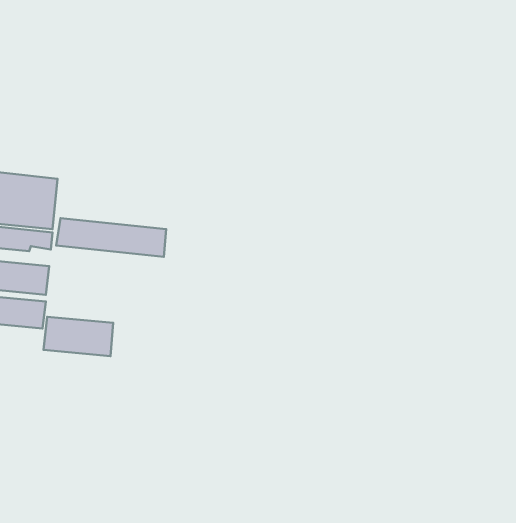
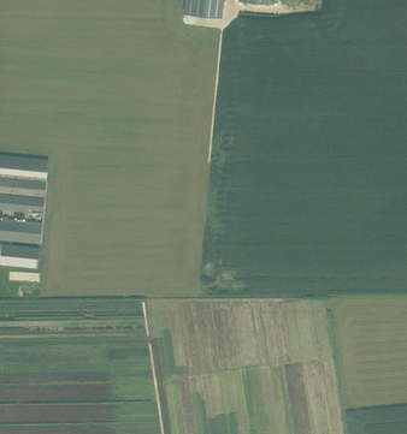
building: [56,218,166,257] -> none
building: [43,317,113,356] -> none

